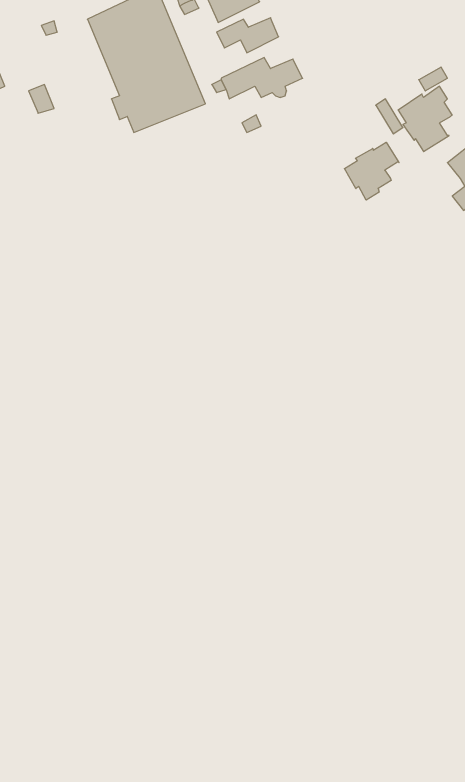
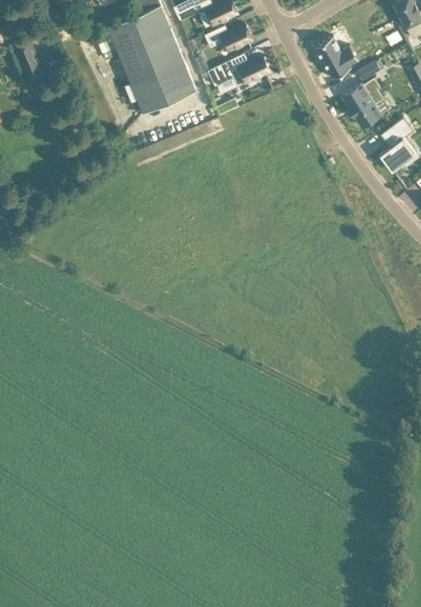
building: none -> [316,35,359,78]
building: [344,142,399,200] -> none

